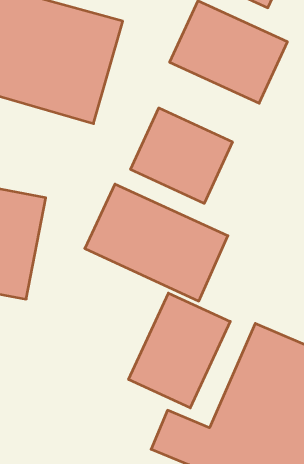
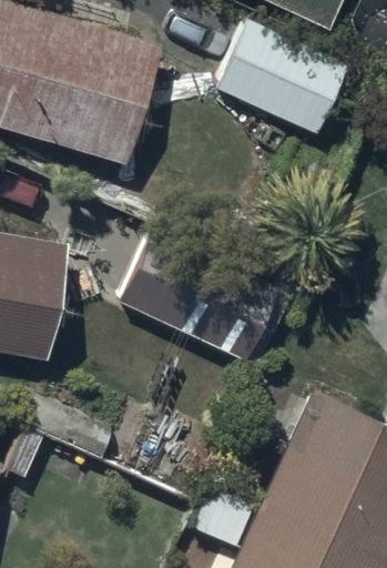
building: [131,108,232,203] -> none
building: [129,293,230,408] -> none

